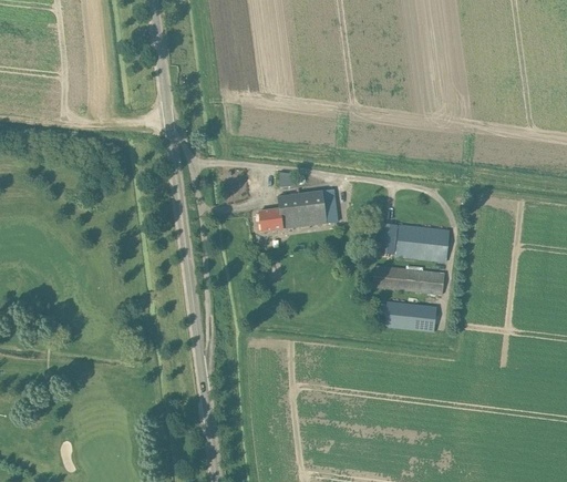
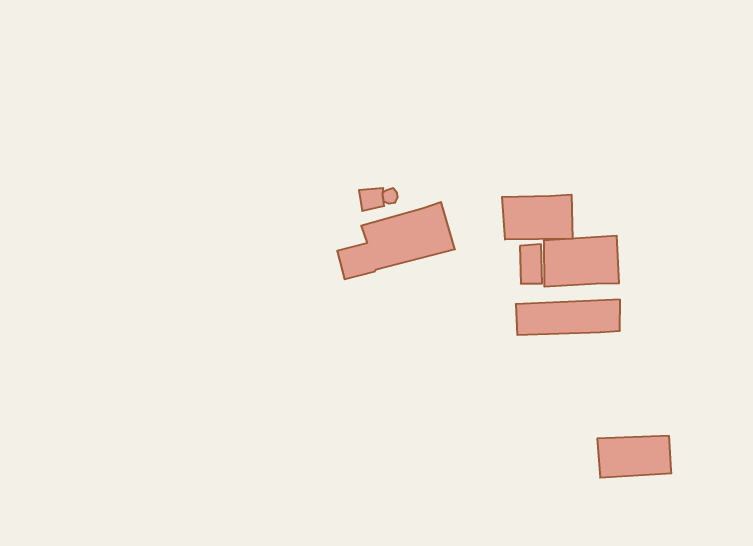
building: none -> [502,195,573,240]
building: [385,300,436,331] -> [597,436,671,478]

